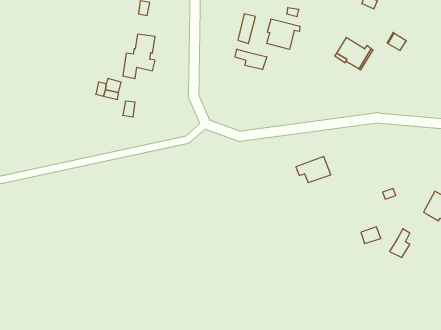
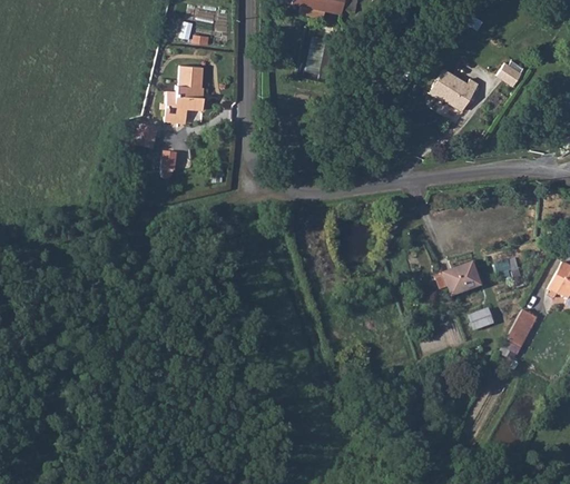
building: [267,19,300,49] -> none
building: [235,49,267,70] -> none
building: [296,156,331,183] -> [434,263,479,296]

